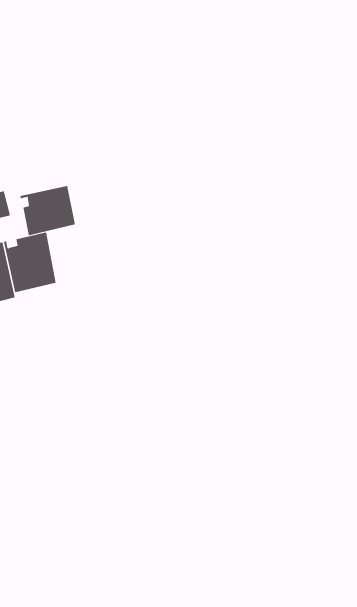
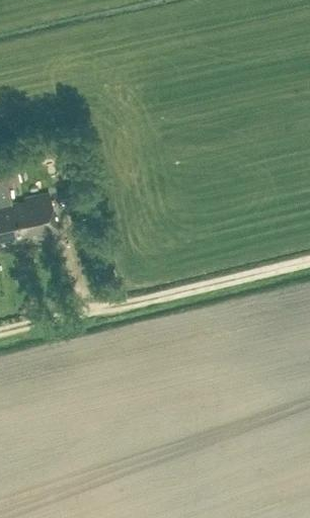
building: [20,185,75,236] -> none

